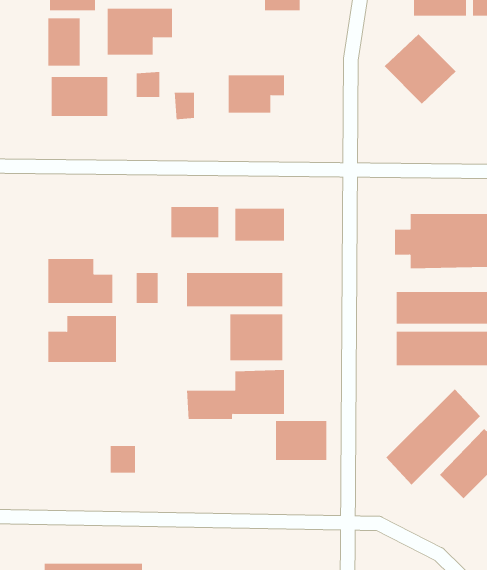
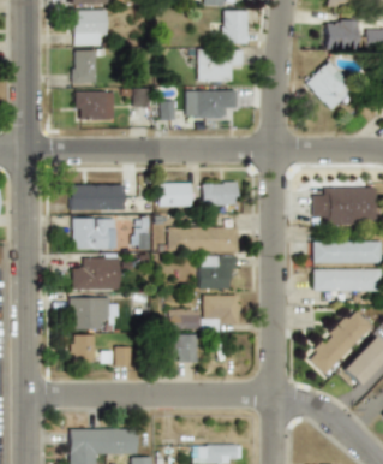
building: [107,8,173,55] -> [198,50,244,83]
building: none -> [70,184,124,210]
building: none -> [70,297,112,329]
building: [275,421,327,460] -> [161,334,197,362]
building: none -> [71,334,95,363]

